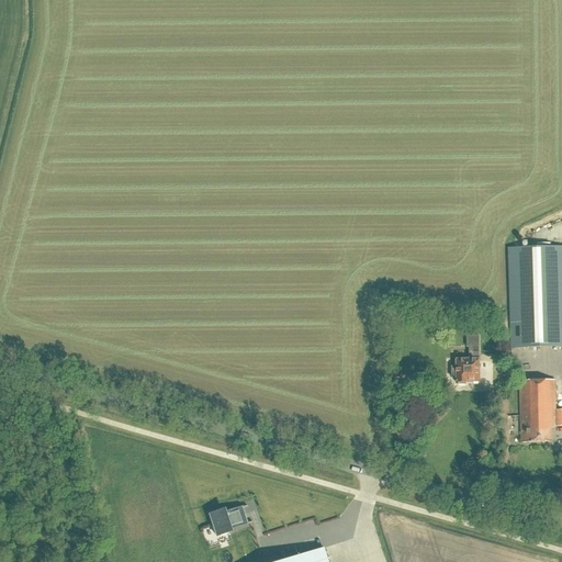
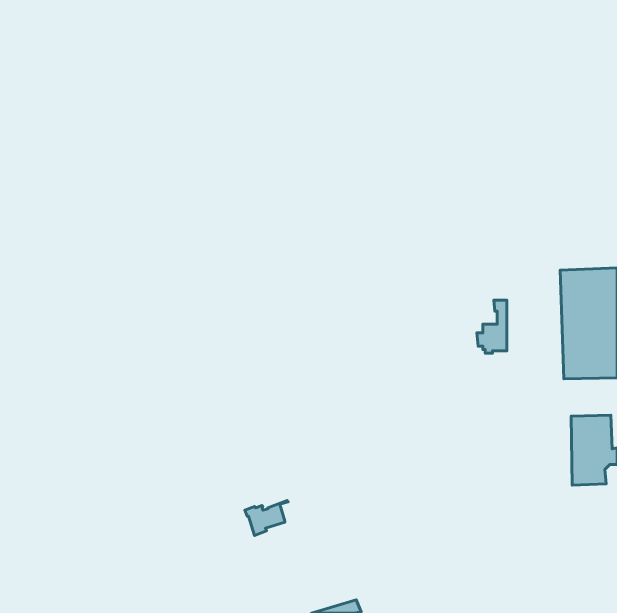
building: [450,334,477,382] -> [477,300,507,353]
building: [209,503,248,535] -> [245,501,288,536]

